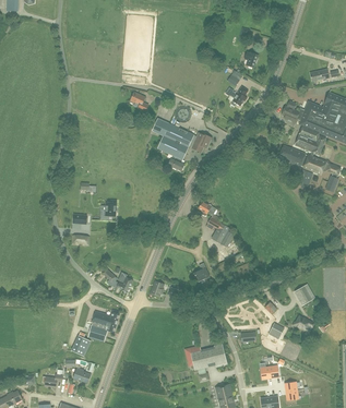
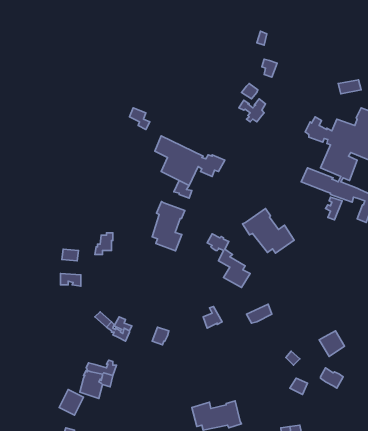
building: none -> [152,201,185,251]
building: none -> [243,208,294,253]

